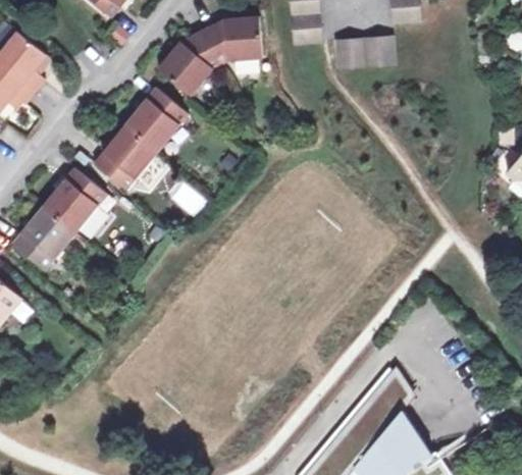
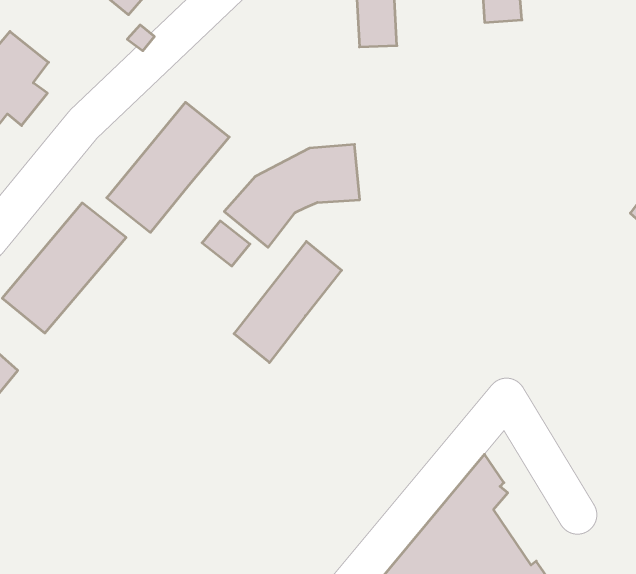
building: [156,15,263,97] -> [224,144,360,247]
building: [334,37,395,69] -> none
building: none -> [234,241,342,363]

